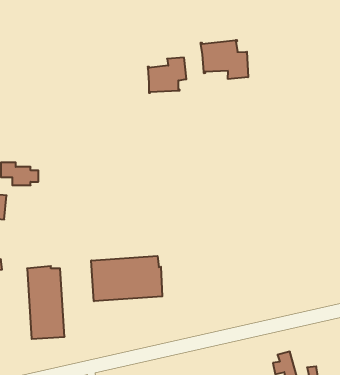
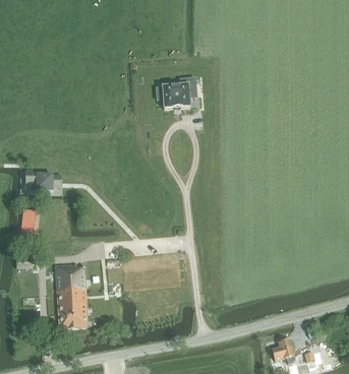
building: [201,40,248,79] -> none
building: [91,256,162,301] -> none

